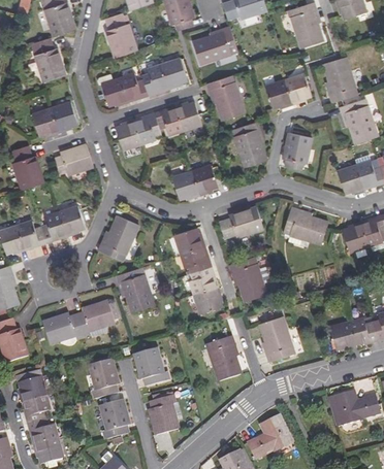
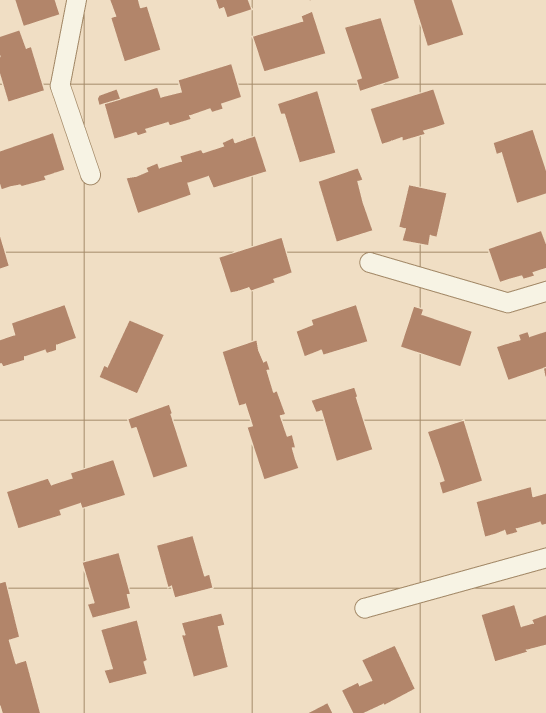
building: [322,58,356,103] -> [344,17,400,92]
building: [55,144,93,175] -> none
building: [259,316,293,362] -> [427,420,483,494]
building: [205,335,239,380] -> none

